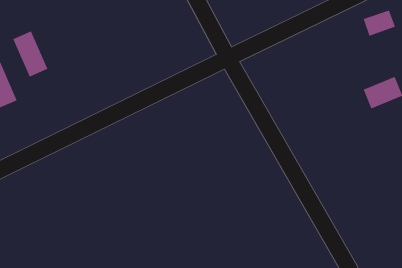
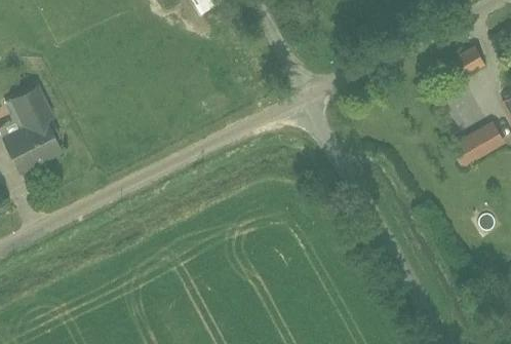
building: [13,30,48,78] -> none

